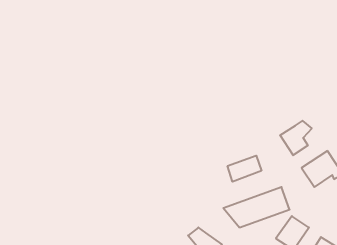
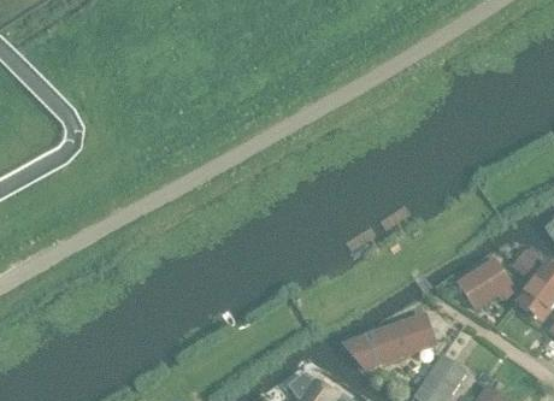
building: [280,121,312,155] -> none
building: [228,156,261,182] -> none

